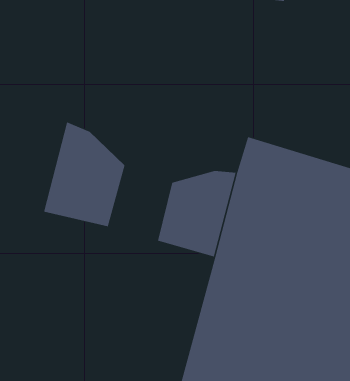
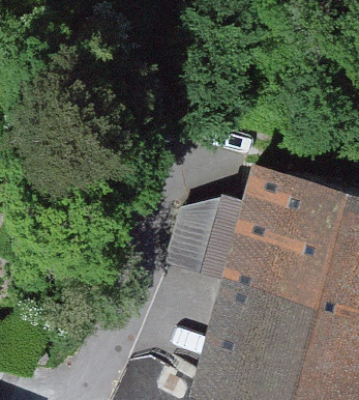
building: [43,121,125,227] -> none

